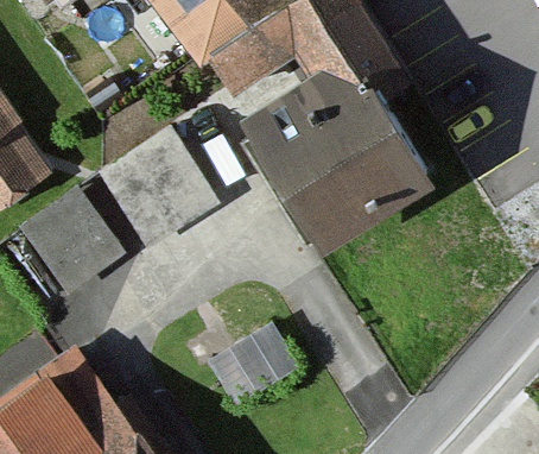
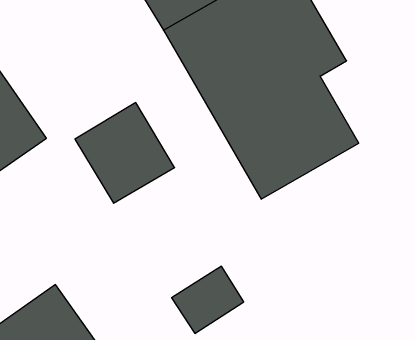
building: [21,185,123,291] -> none

